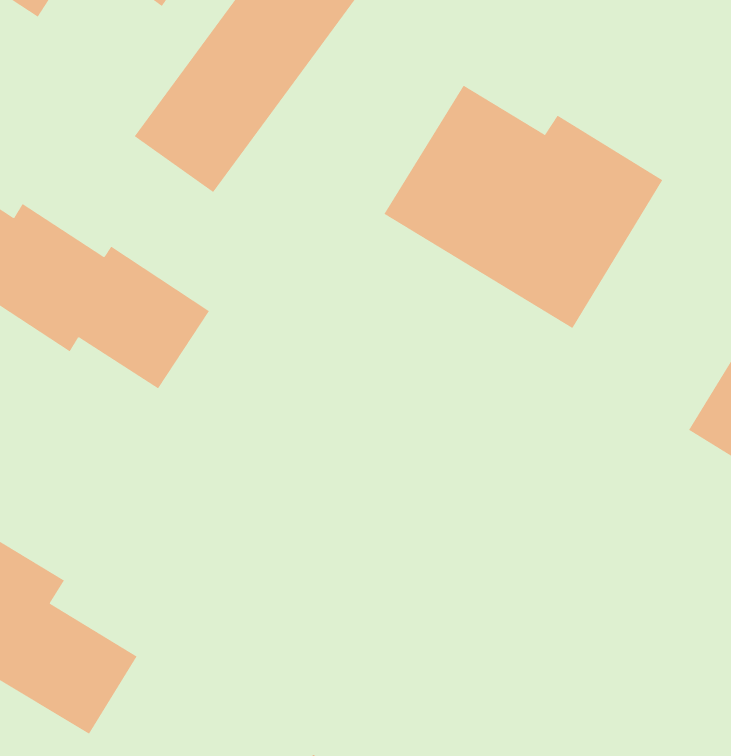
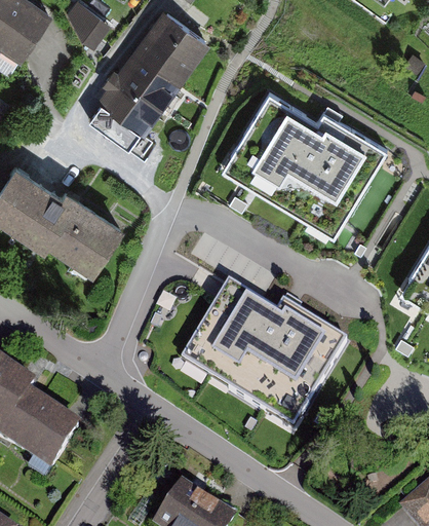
building: none -> [181,287,347,435]

